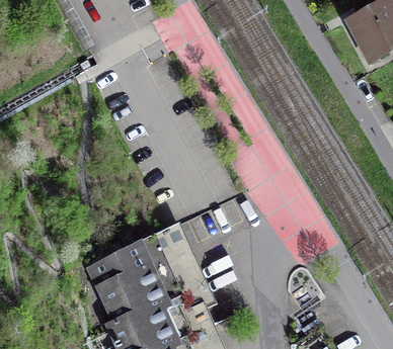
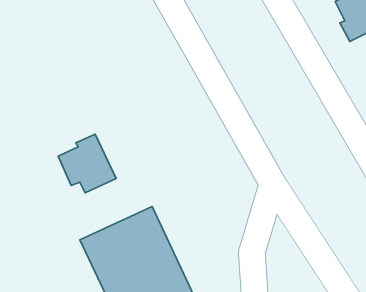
building: none -> [58,134,116,193]

